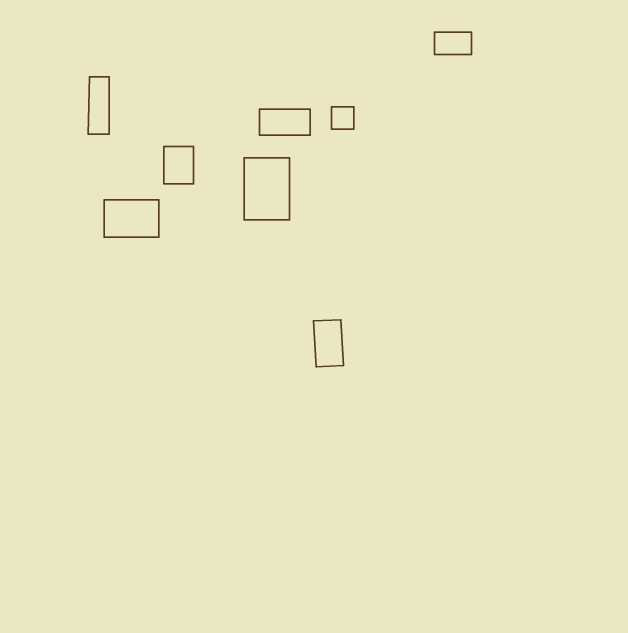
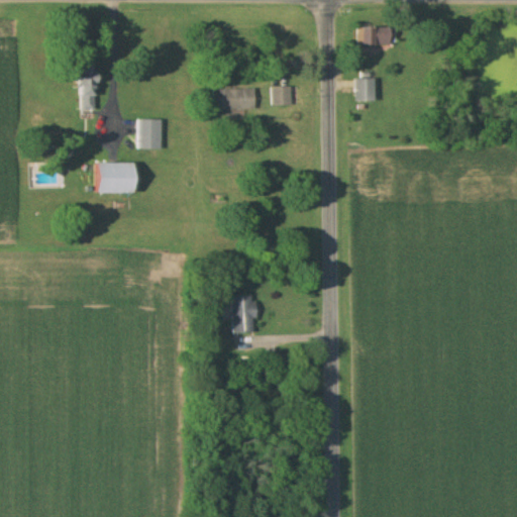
building: none -> [355,78,377,101]
building: [244,158,290,220] -> none
building: [314,320,343,367] -> [231,294,255,332]

